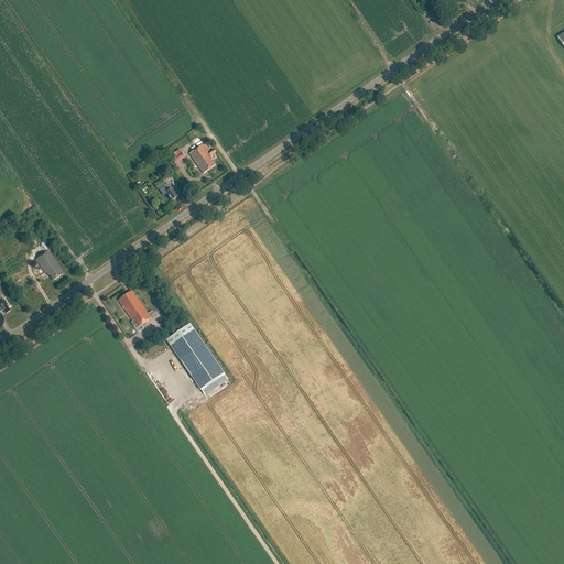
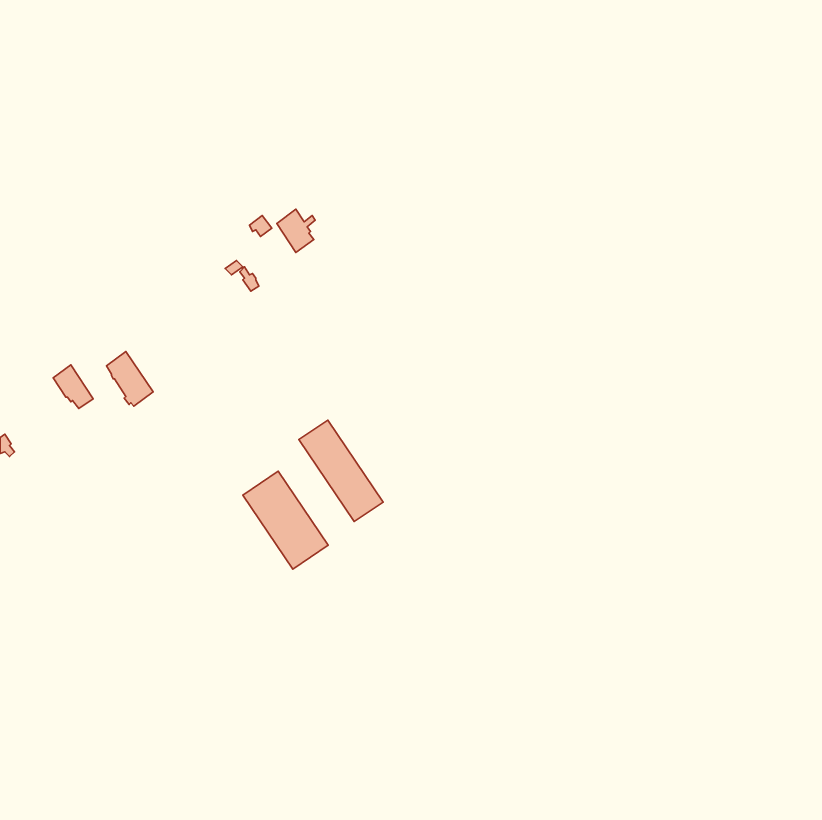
building: none -> [299,420,383,521]
building: [119,290,151,327] -> [107,352,153,406]

